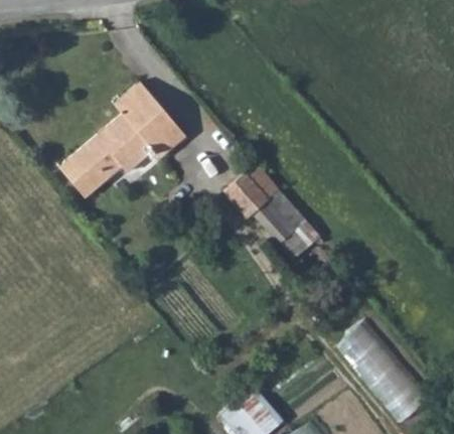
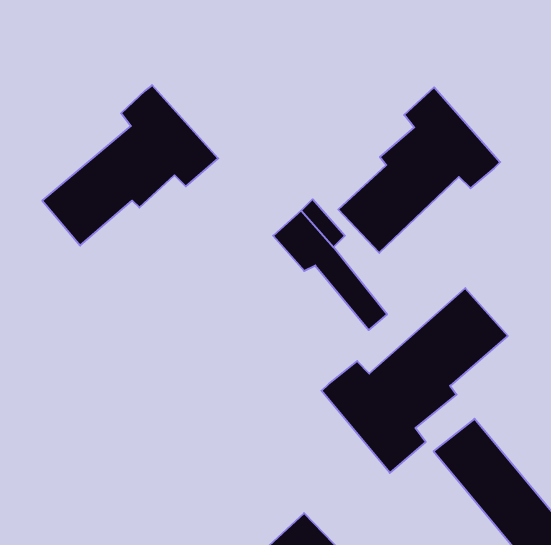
building: none -> [338,87,500,253]
building: none -> [321,288,508,473]

